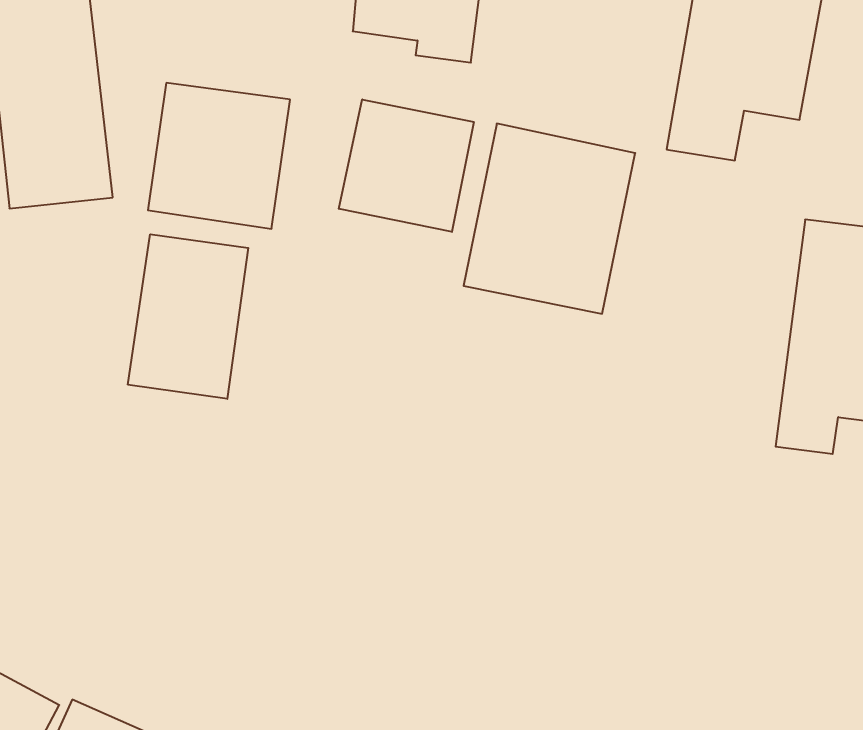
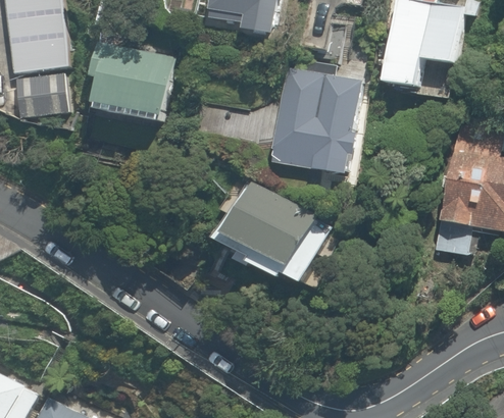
building: [339,99,474,232] -> none
building: [128,234,248,399] -> none
building: none -> [219,182,334,283]

